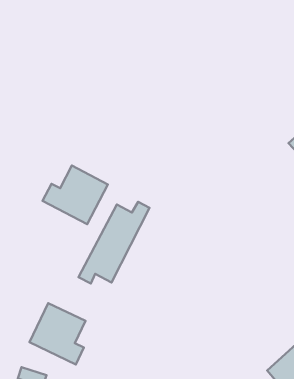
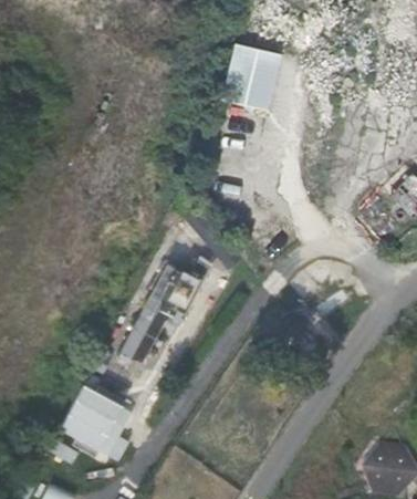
building: none -> [223,41,285,111]
building: [42,166,108,224] -> none

